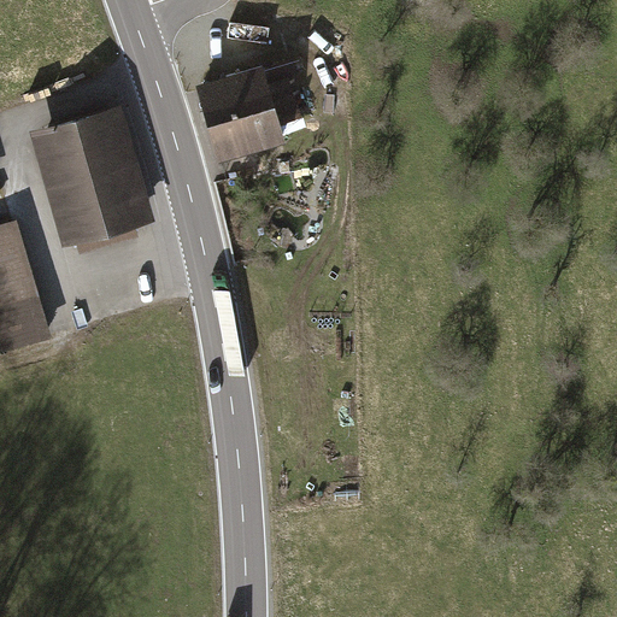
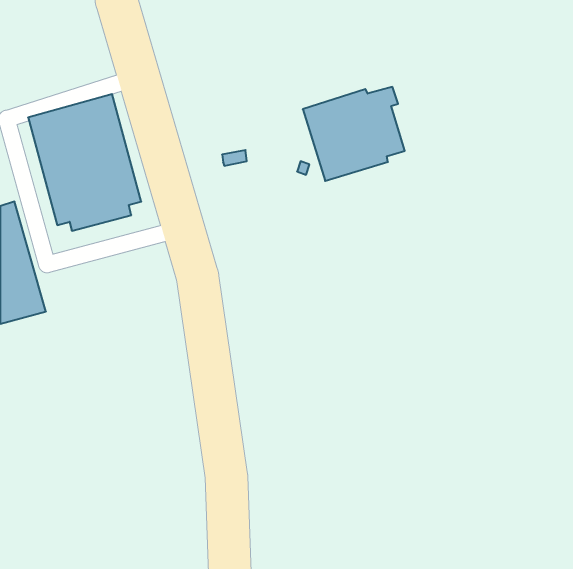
building: [195,61,305,163] -> [303,87,405,181]

